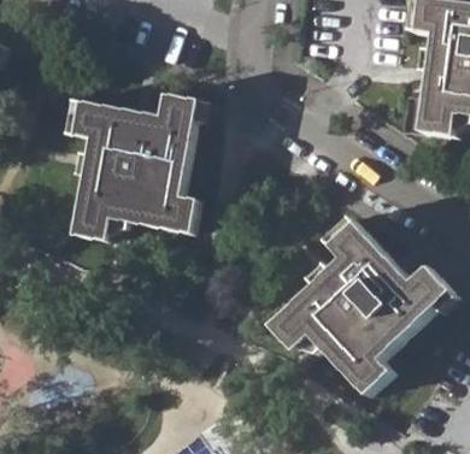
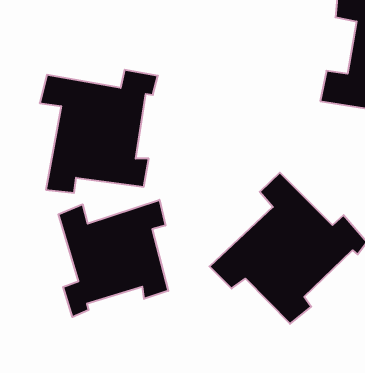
building: none -> [58,200,168,317]

